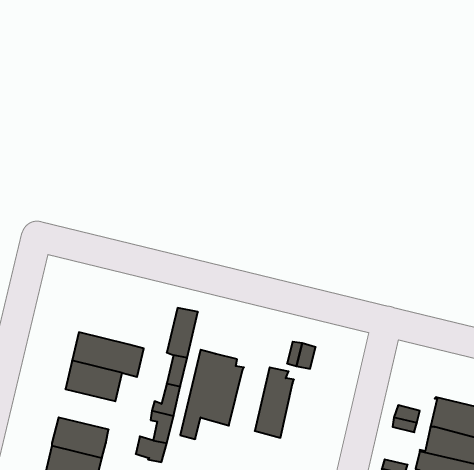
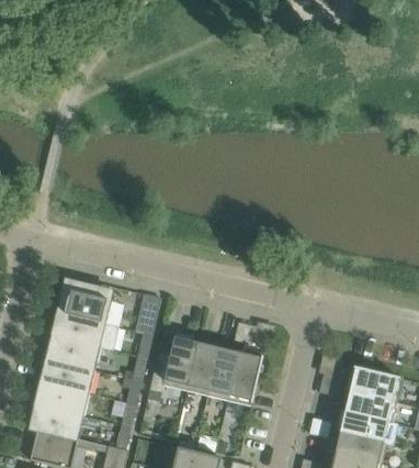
building: none -> [65,291,111,325]
building: none -> [186,341,219,395]
building: none -> [228,349,264,406]
building: none -> [48,361,94,394]

